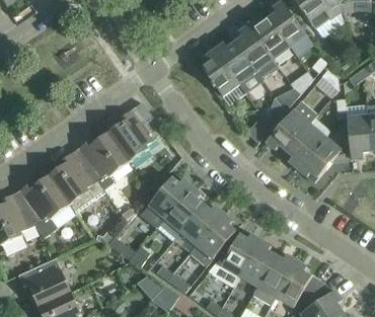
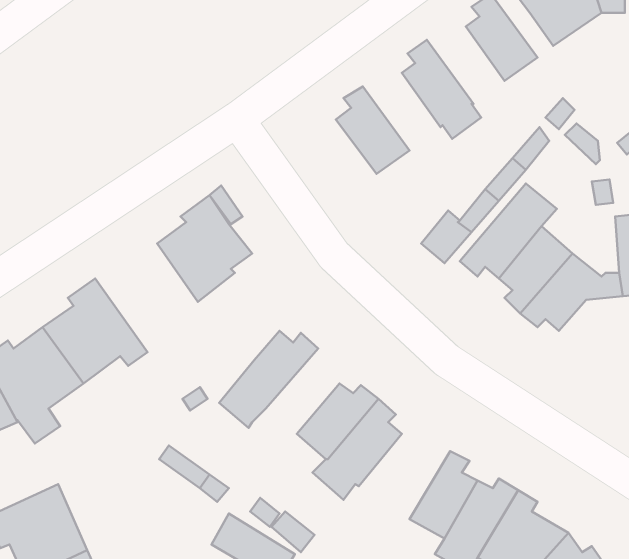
building: [249,18,290,59] -> none
building: [216,43,256,83] -> none
building: [76,132,130,188] -> none
building: [158,186,204,238] -> none
building: [209,234,261,285] -> none

